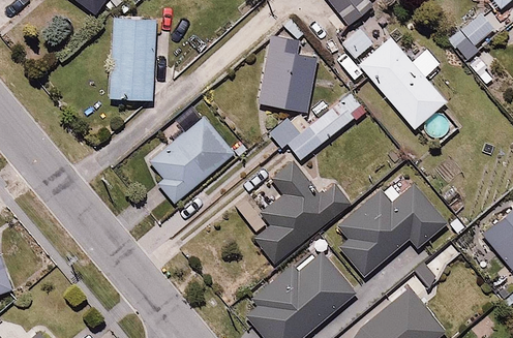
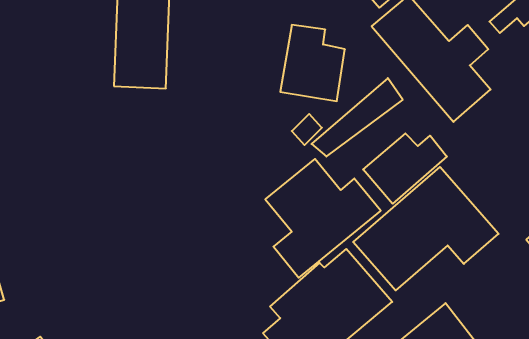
building: [147,103,238,208] -> none
building: none -> [363,133,447,204]

